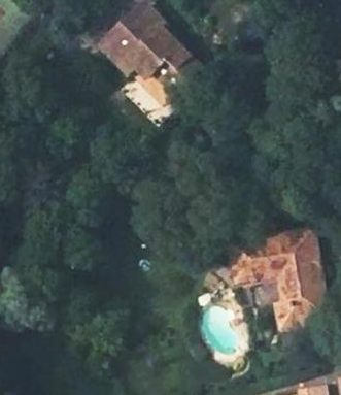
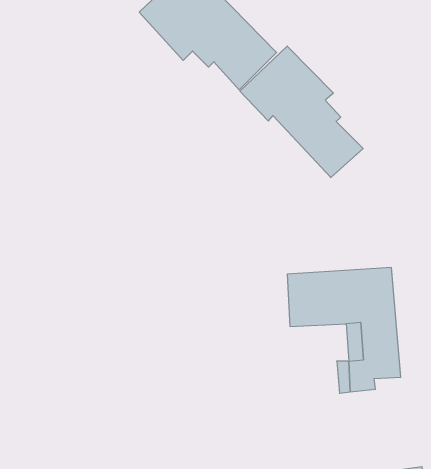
building: none -> [240,46,363,178]

